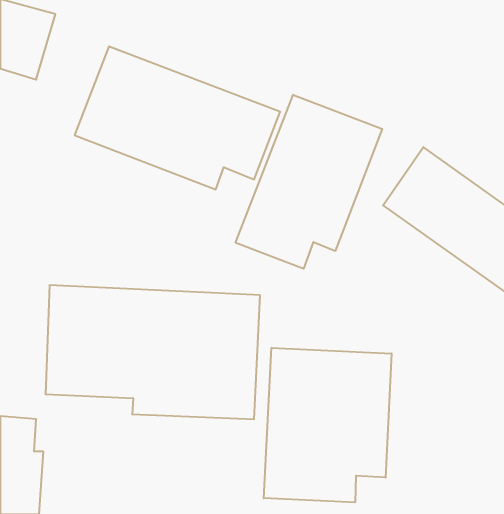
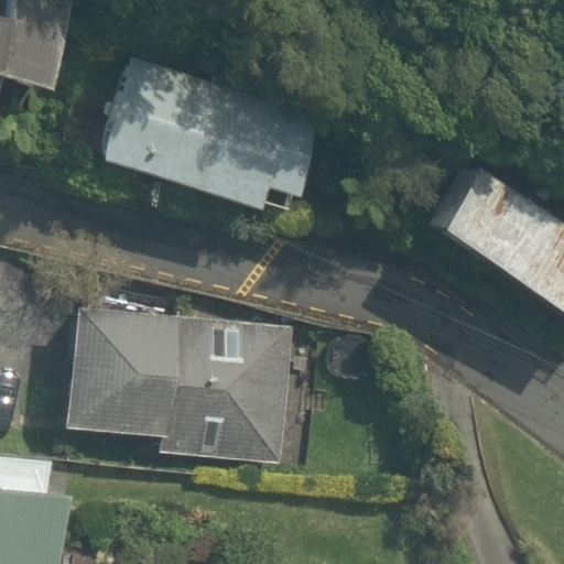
building: [236,95,382,269] -> none
building: [264,348,392,502] -> none

